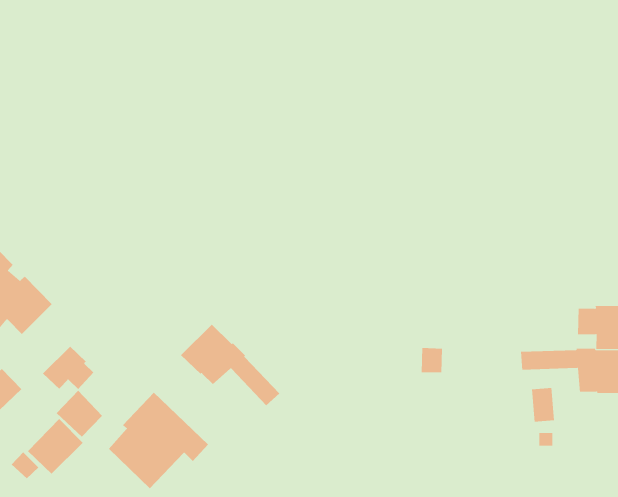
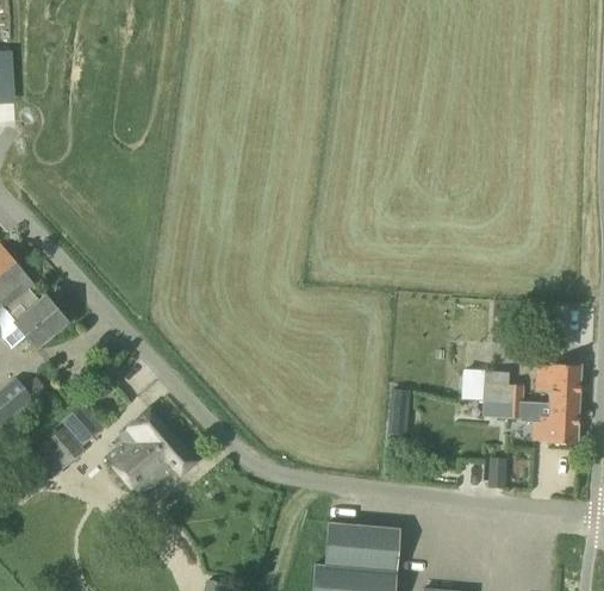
building: none -> [461,369,533,403]
building: [180,324,280,406] -> none
building: [42,346,94,390] -> none

